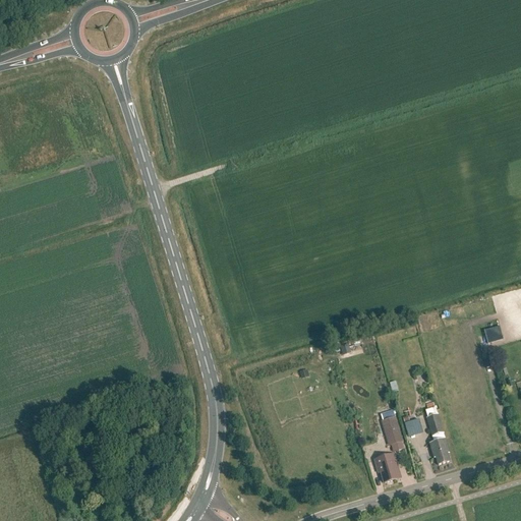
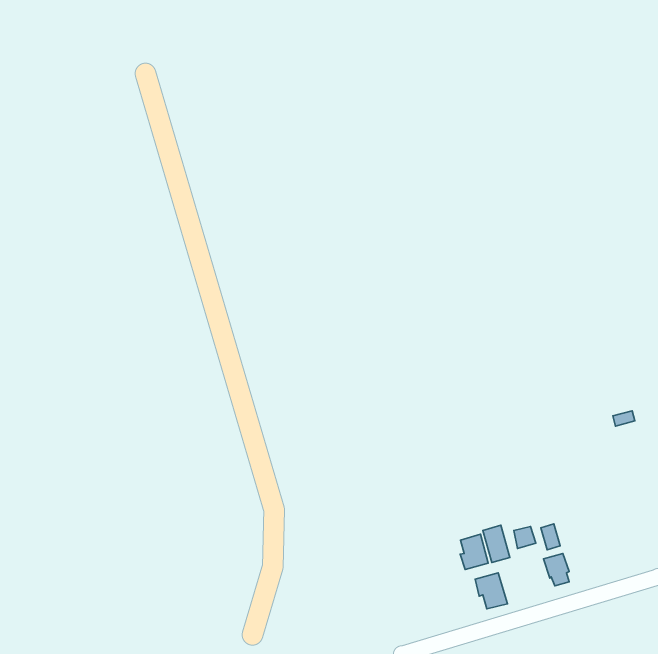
building: none -> [460,534,488,570]

